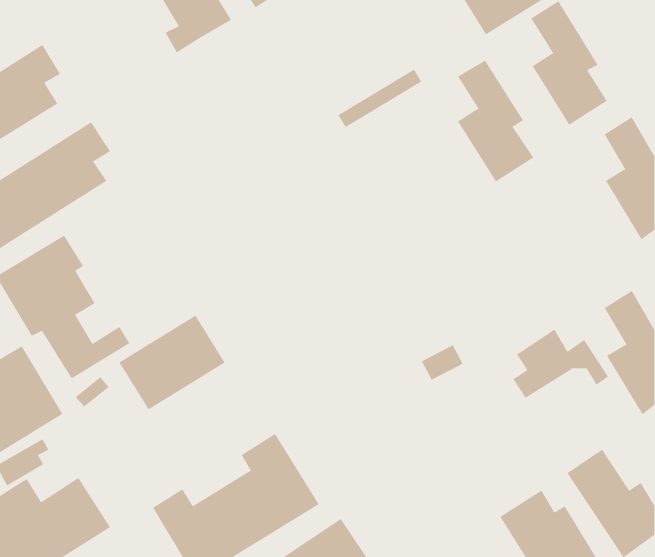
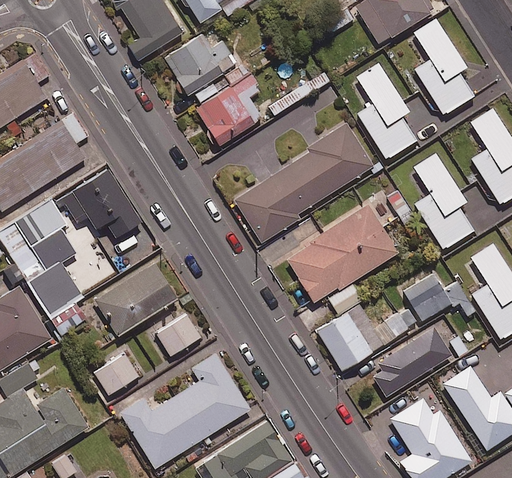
building: none -> [164,34,238,96]
building: none -> [196,75,263,146]
building: none -> [234,124,374,243]
building: none -> [414,153,474,249]
building: none -> [62,170,142,238]
building: none -> [286,205,399,303]
building: none -> [317,304,410,371]
building: none -> [156,314,201,356]
building: none -> [374,317,466,396]
building: none -> [94,353,139,395]

